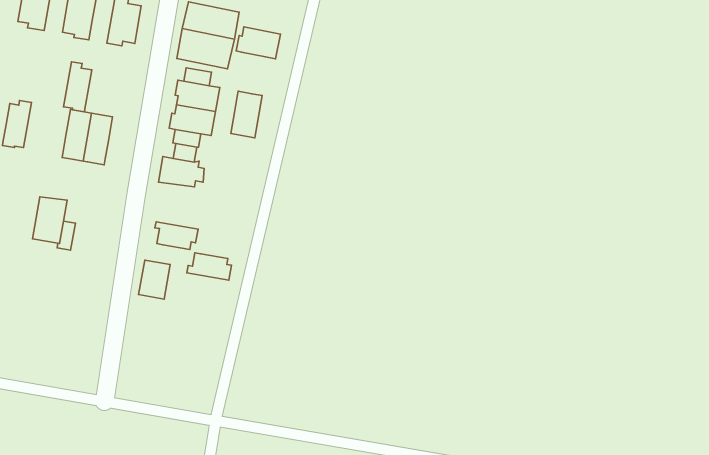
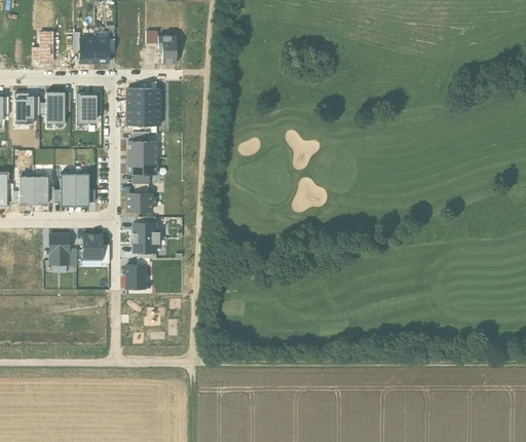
building: [236,27,280,59] -> none
building: [64,62,92,112] -> [34,173,48,205]
building: [231,91,262,138] -> none
building: none -> [83,234,103,258]
building: [187,253,231,280] -> [130,223,159,237]

